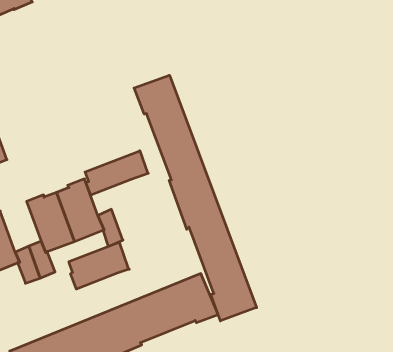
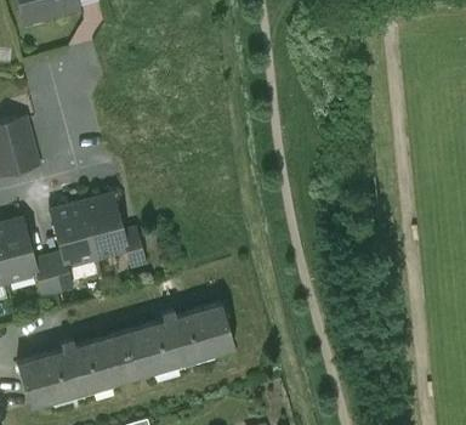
building: [134,75,257,321] -> none
building: [85,151,148,195] -> none
building: [69,242,129,289] -> none

